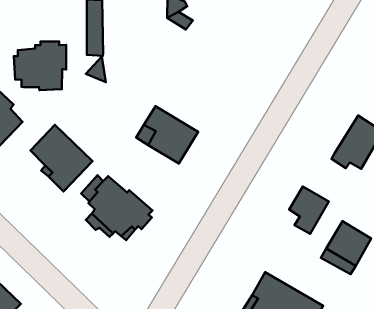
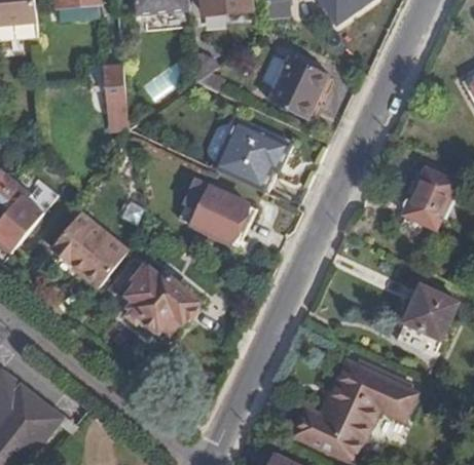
building: none -> [266,52,326,116]
building: [14,41,66,90] -> none
building: none -> [216,121,292,193]
building: [289,187,329,234] -> none

